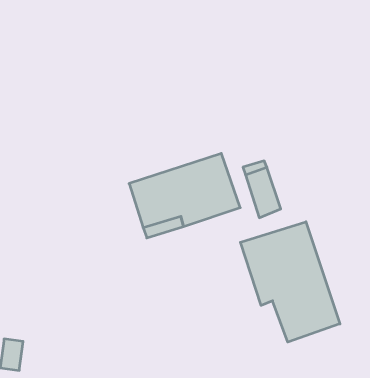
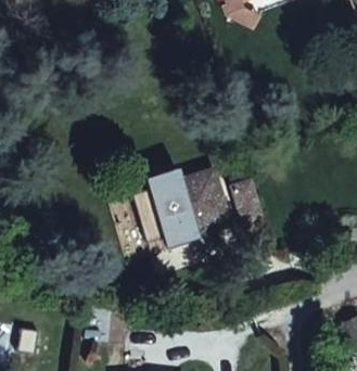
building: [240,222,340,342] -> none

